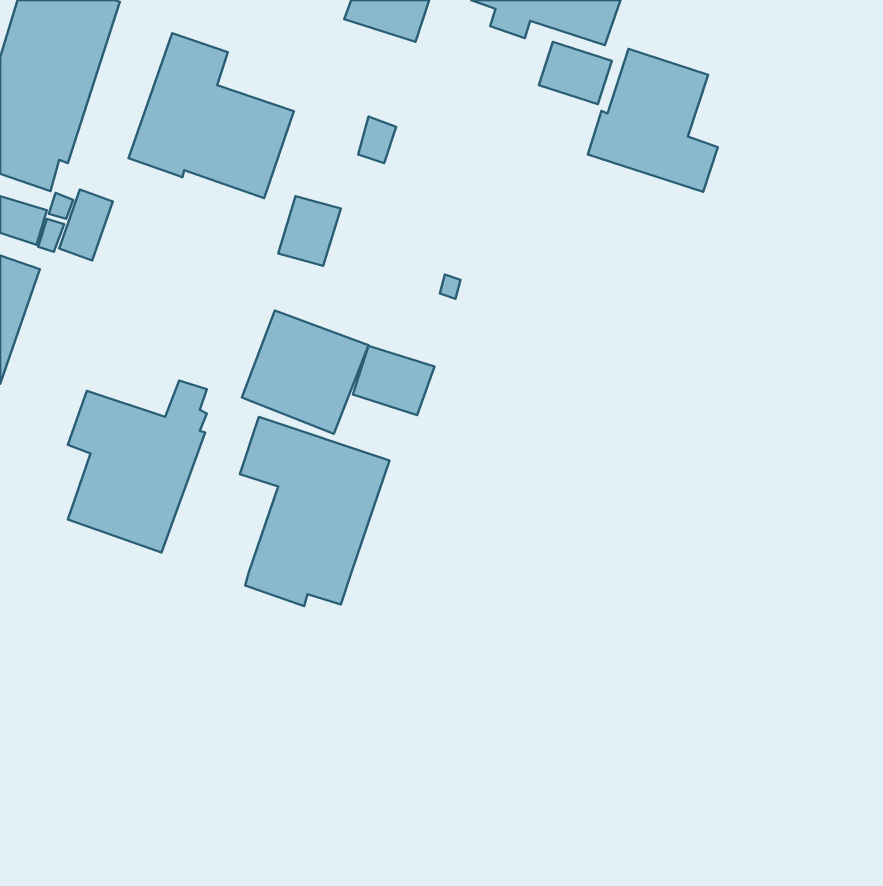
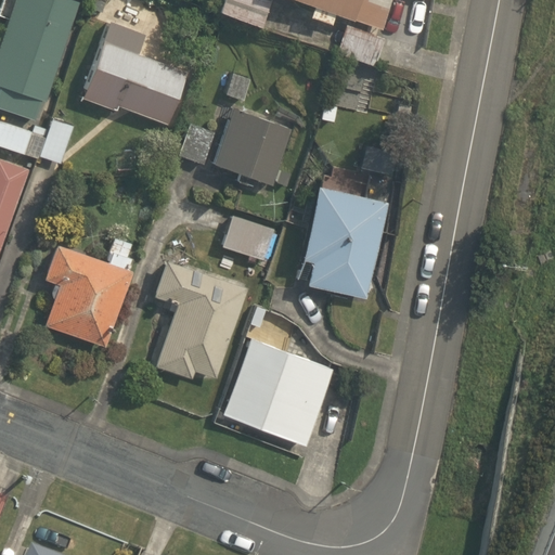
building: [588,49,718,192] -> none
building: none -> [300,186,389,298]
building: [242,311,369,434] -> [214,109,293,186]
building: none -> [223,338,333,443]

